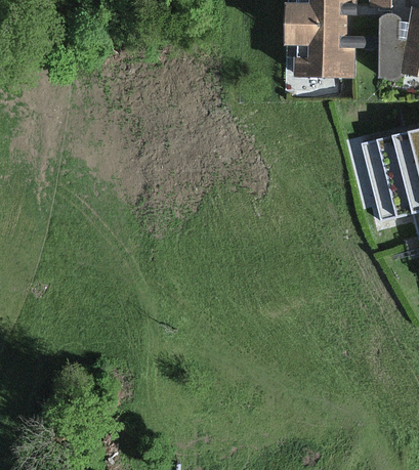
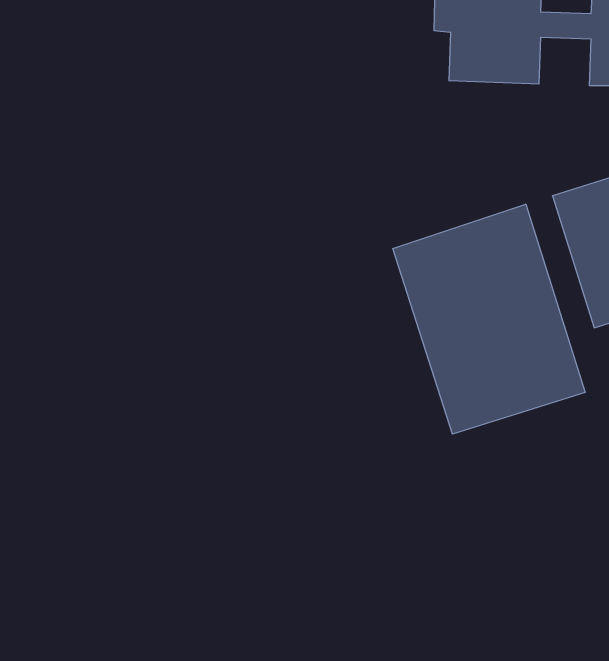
building: none -> [393,204,585,434]

